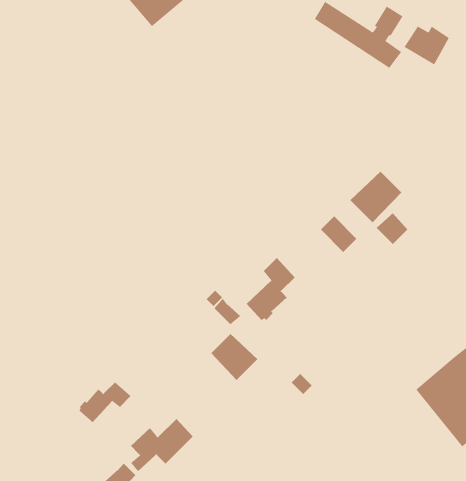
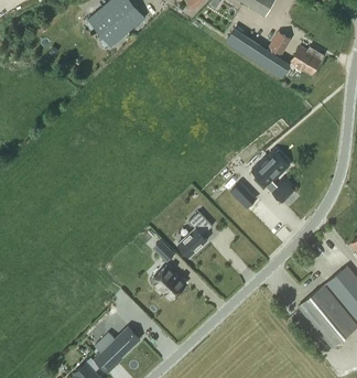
building: [79,381,131,423] -> none

